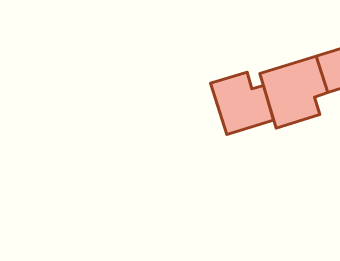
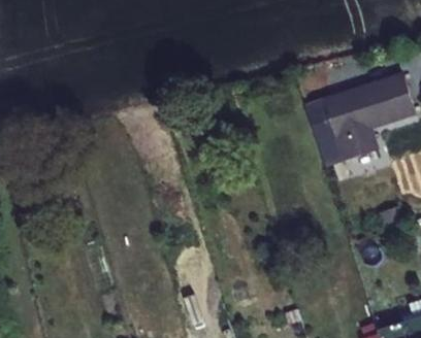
building: [211,72,274,135] -> none

